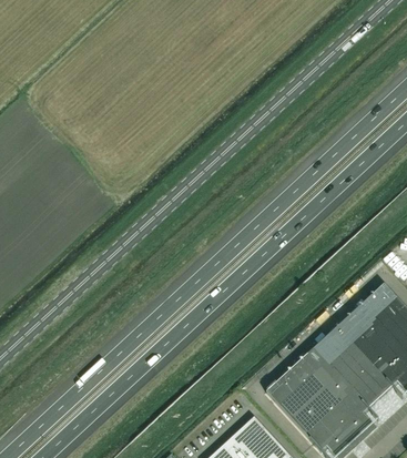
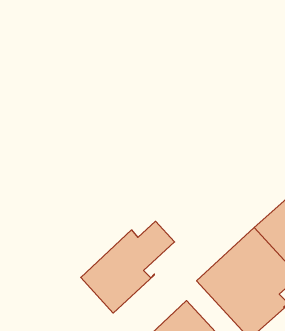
building: none -> [81,221,175,313]

